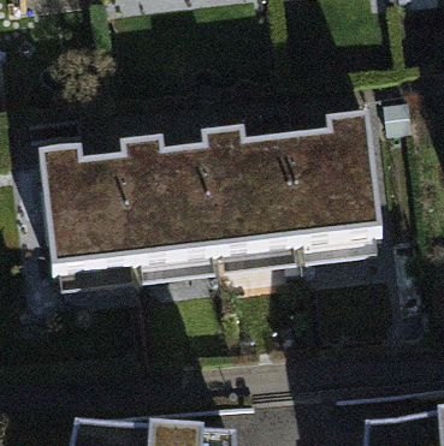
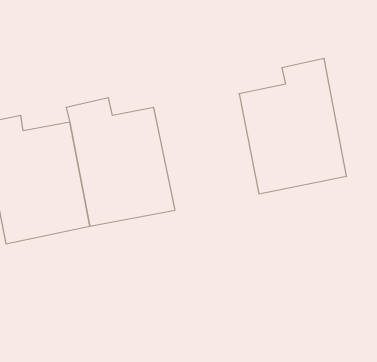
building: [201,135,296,252] -> none

